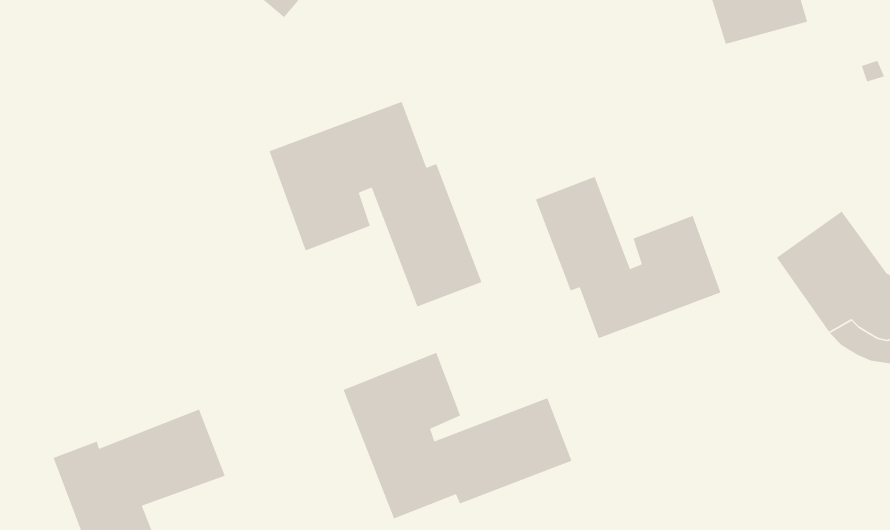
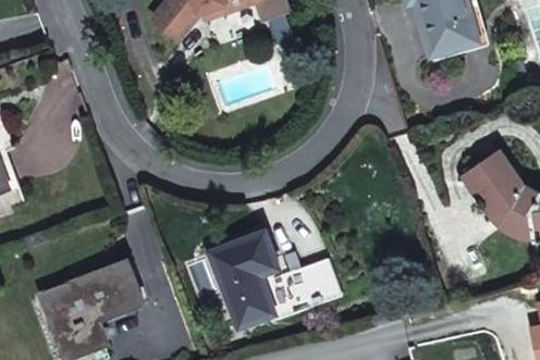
building: [268,101,482,308] -> none
building: [535,176,721,339] -> none

